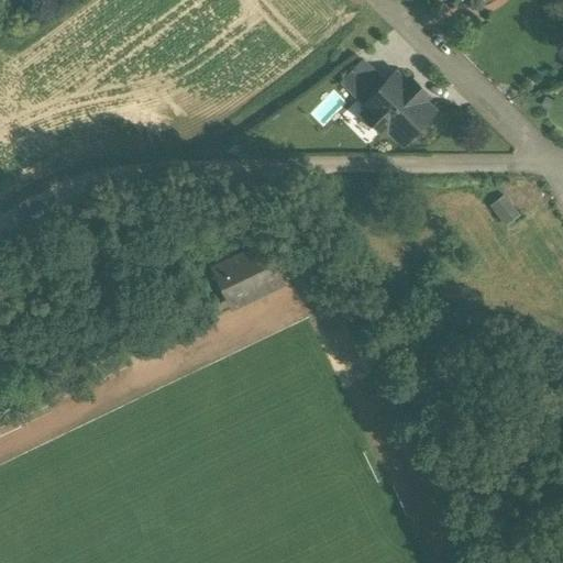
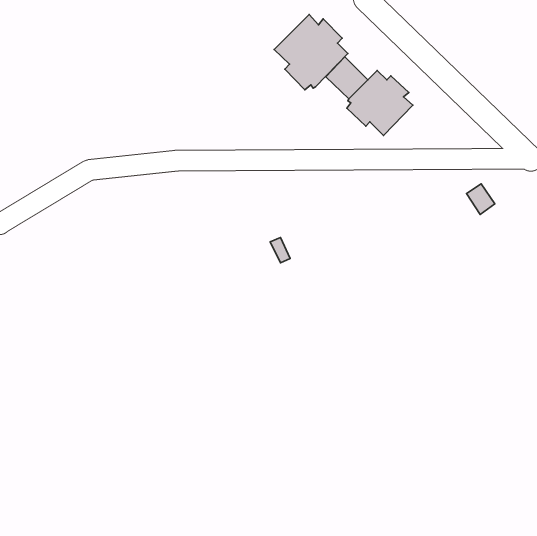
building: none -> [274,15,348,90]
building: [216,245,280,301] -> none

